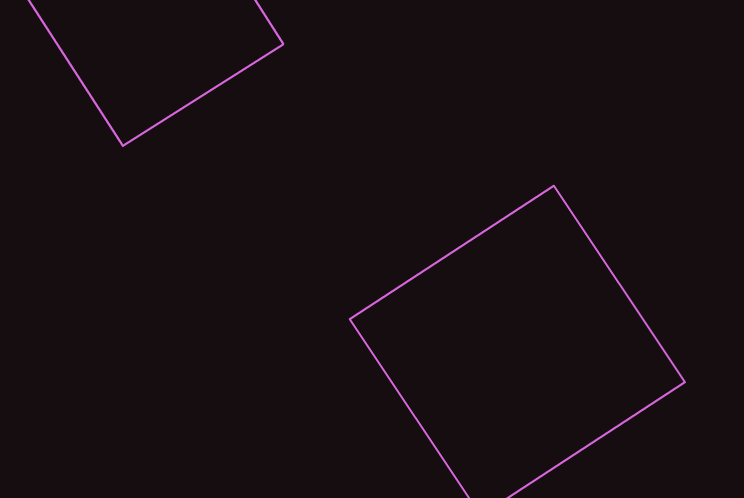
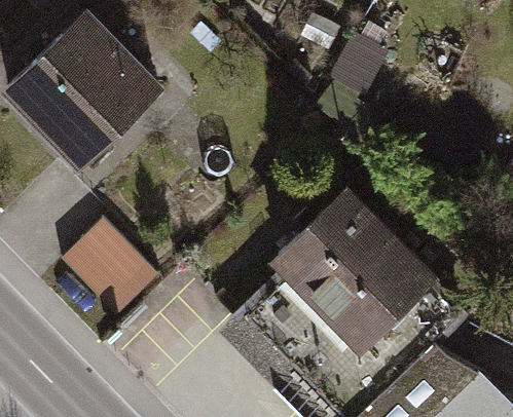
building: none -> [56,208,157,310]

